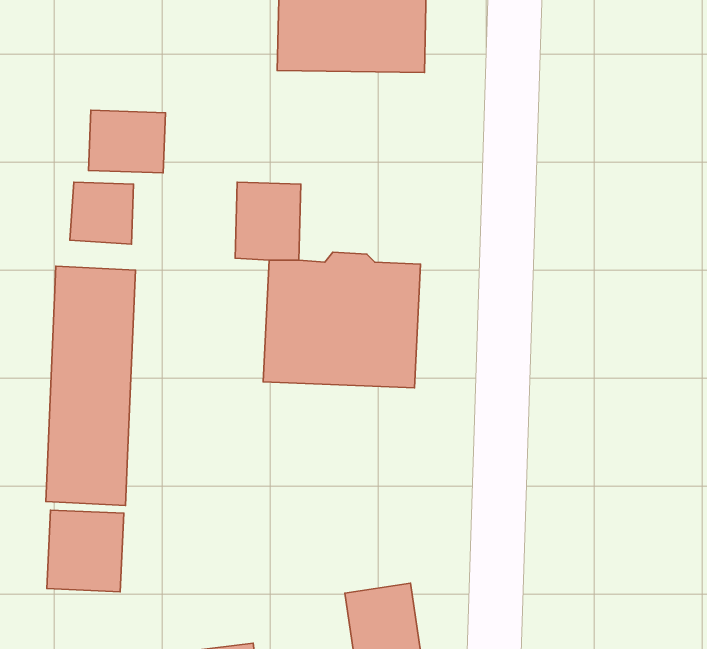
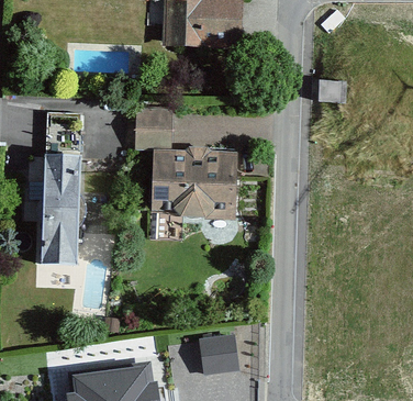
building: [89,110,165,173] -> none
building: [47,510,124,592] -> none

